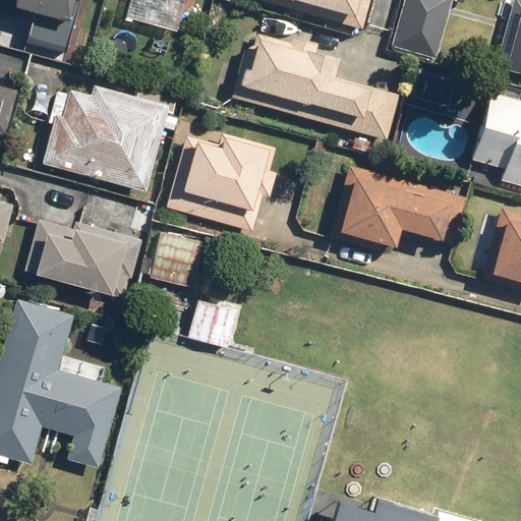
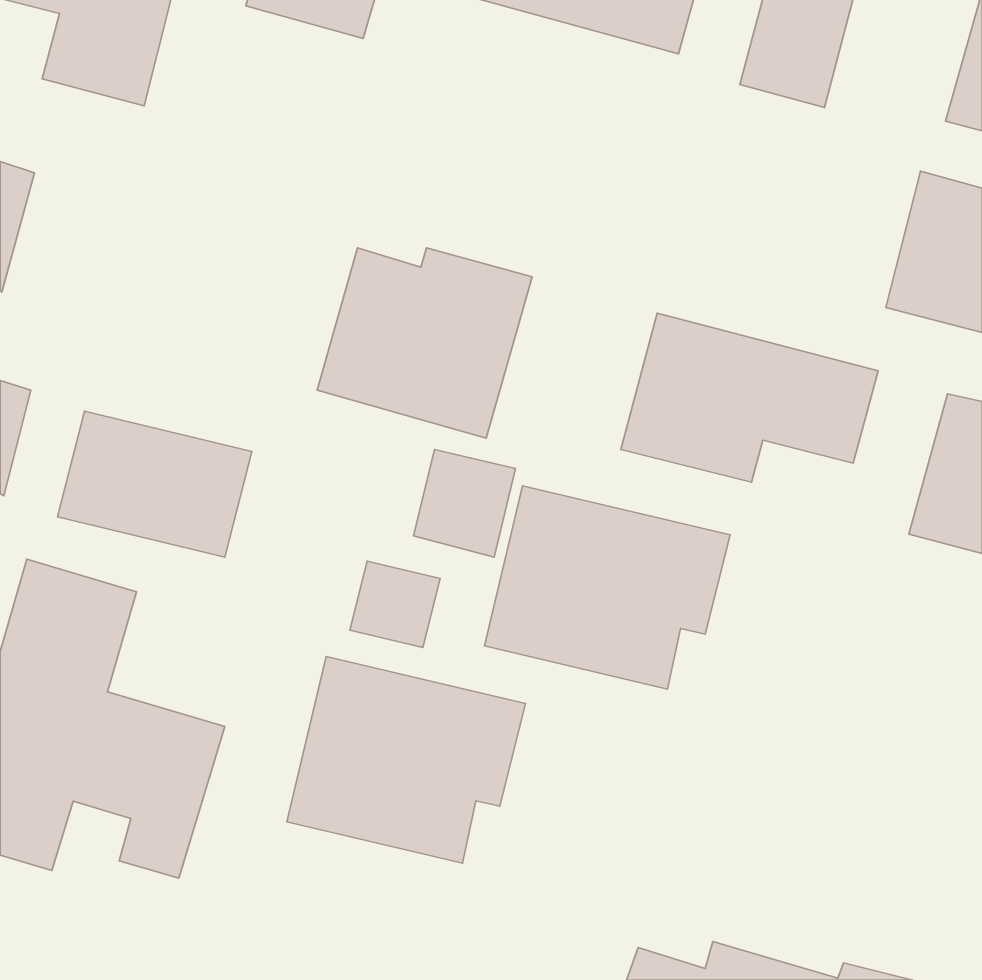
building: [236,34,403,141] -> none
building: [43,82,169,192] -> none
building: [146,229,199,286] -> [414,449,515,557]
building: none -> [485,486,730,689]
building: none -> [287,656,526,863]

